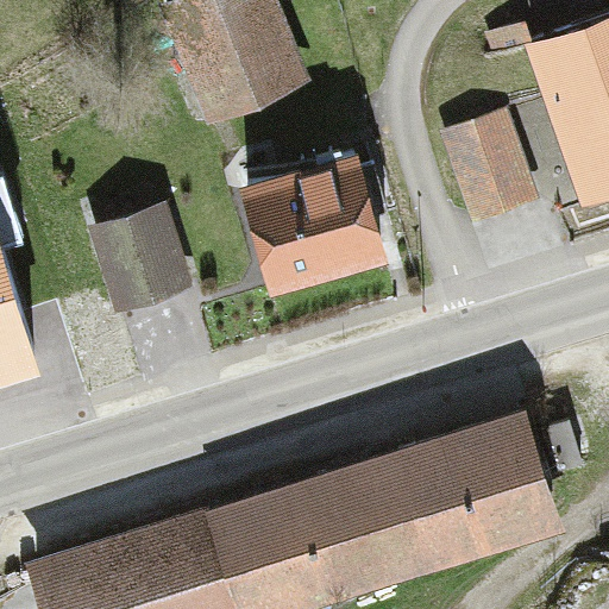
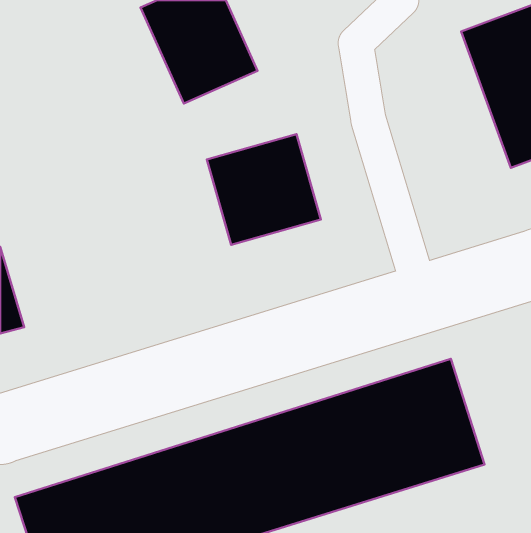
building: [452,120,540,236] -> none
building: [90,212,182,308] -> none

